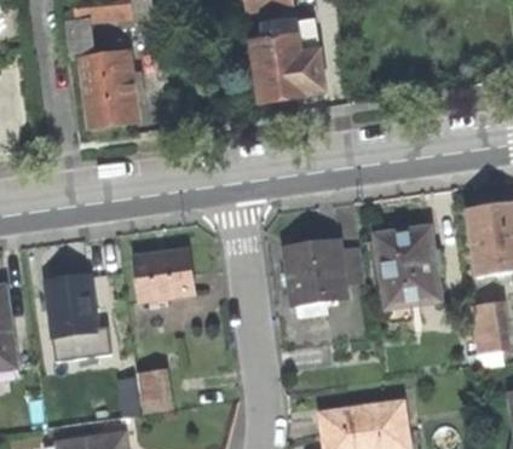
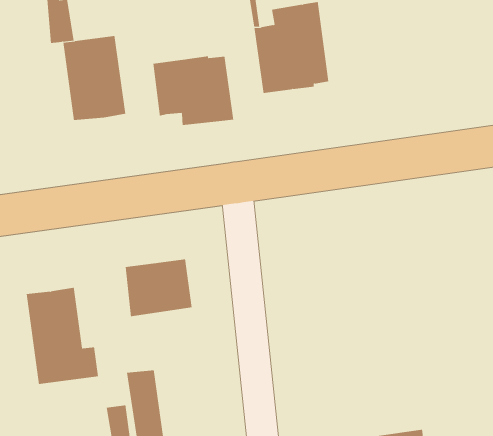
building: none -> [153,56,234,126]
building: [377,226,440,305] -> none
building: [286,240,361,316] -> none

